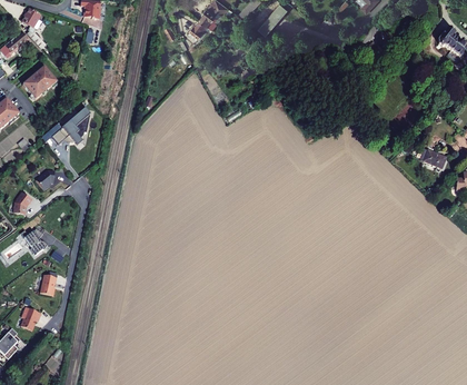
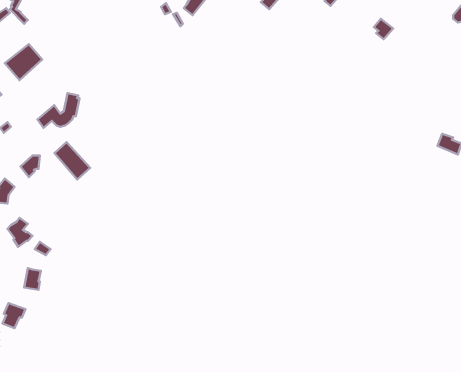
building: none -> [54,142,90,180]

